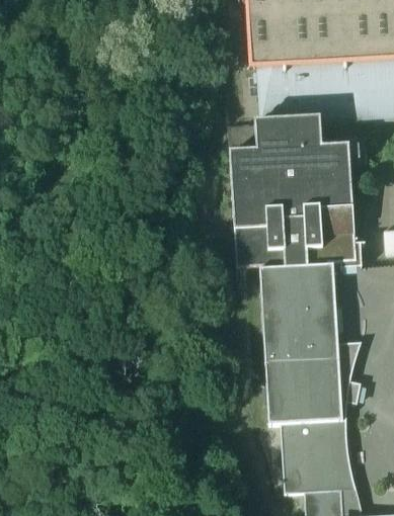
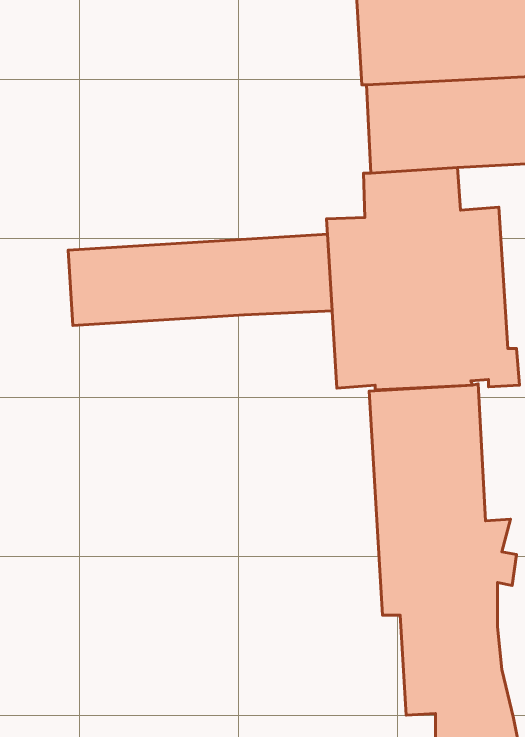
building: none -> [68,234,332,325]

